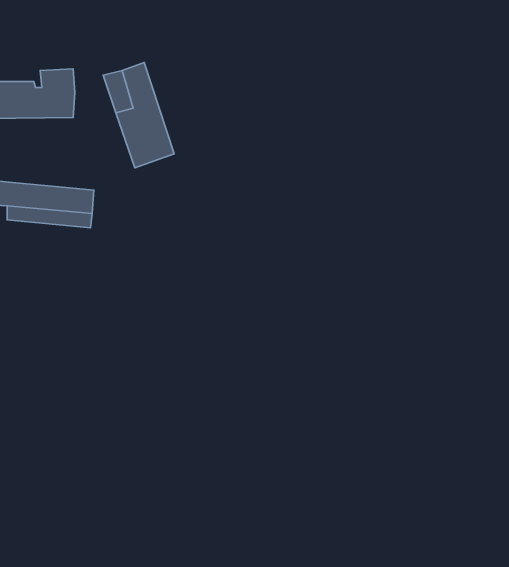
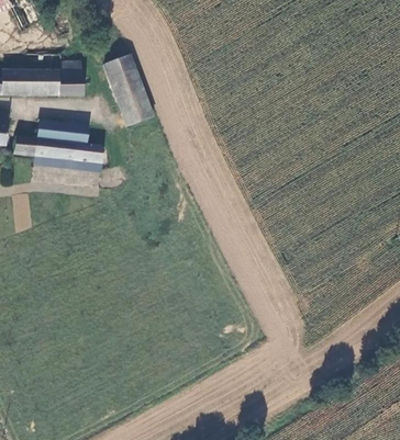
building: none -> [37,122,87,144]

